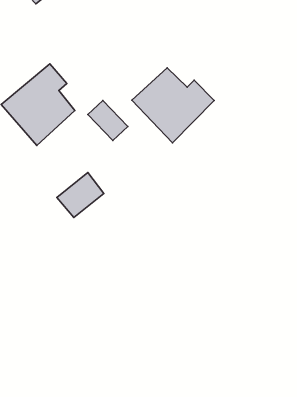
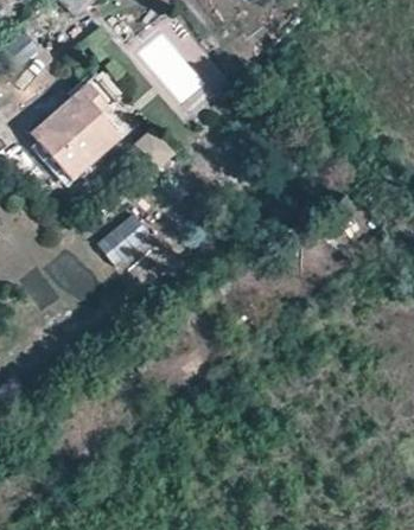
building: [132,68,214,143] -> none

